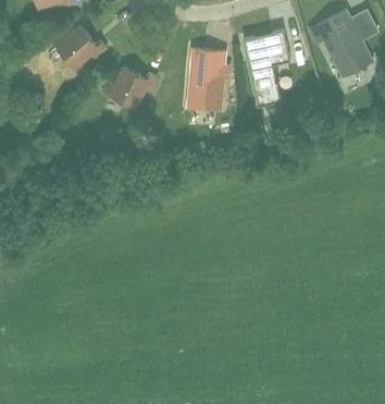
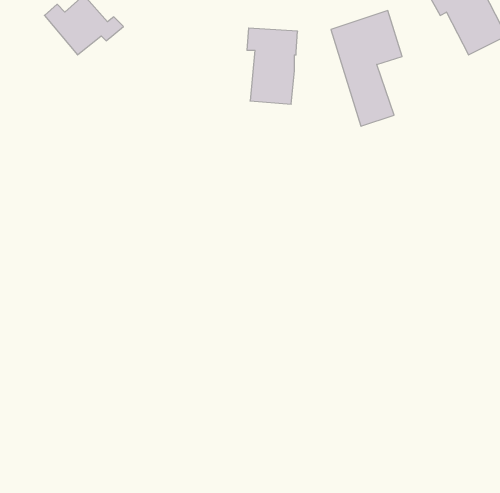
building: [101,68,154,108] -> none

